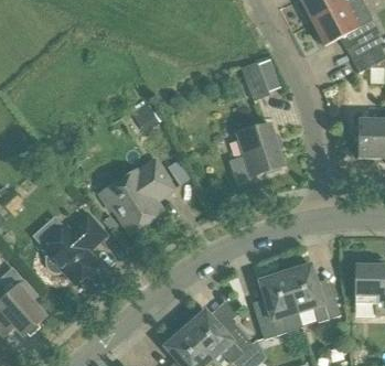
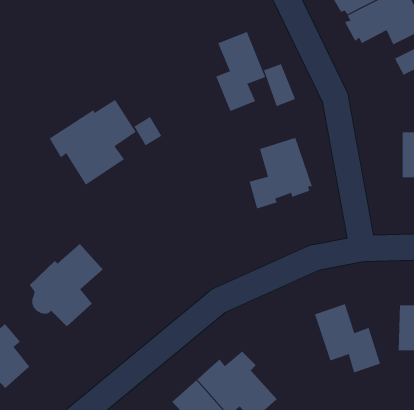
building: none -> [215,31,266,112]
building: [99,160,173,233] -> [49,99,137,186]
building: [254,271,298,338] -> none

